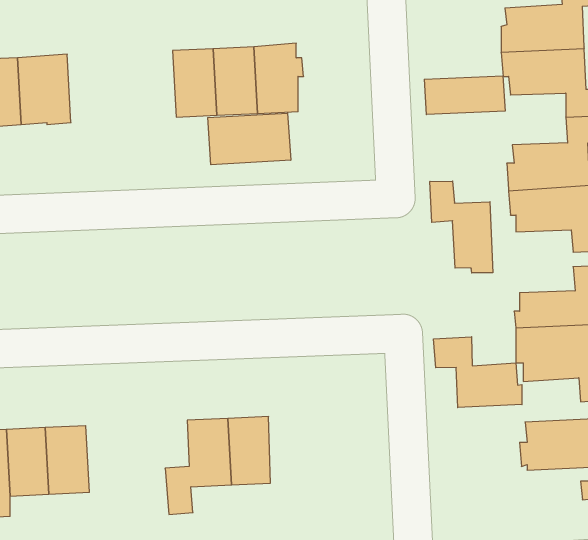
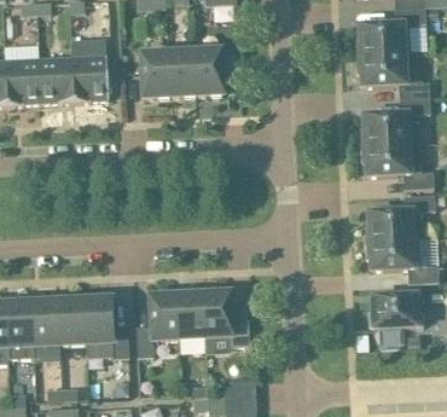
building: none -> [70,56,106,102]
building: [424,76,505,115] -> none
building: [208,113,291,165] -> none
building: [430,181,493,273] -> none
building: [434,337,522,408] -> none
building: none -> [202,293,246,347]
building: none -> [82,299,127,359]

